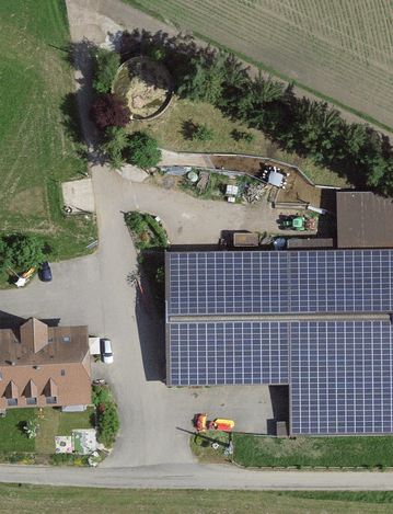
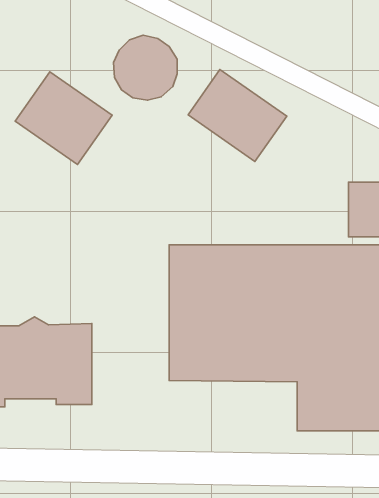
building: none -> [188,69,287,162]
building: none -> [15,72,112,165]

